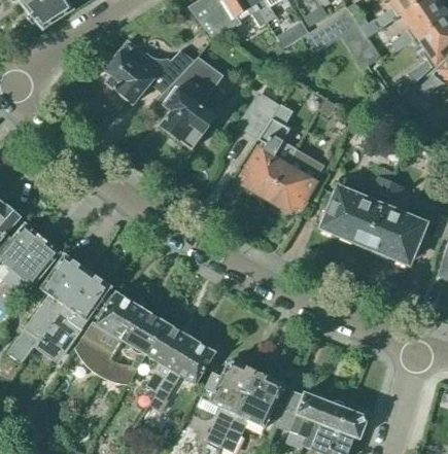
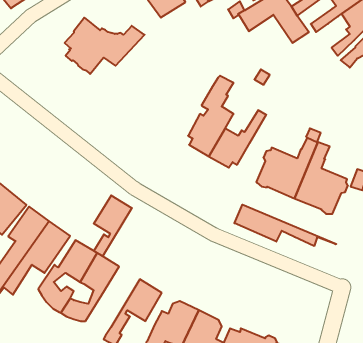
building: [151,60,217,149] -> none
building: [239,96,278,139] -> none
building: none -> [234,205,336,246]
building: [146,322,189,391] -> [94,195,132,256]

